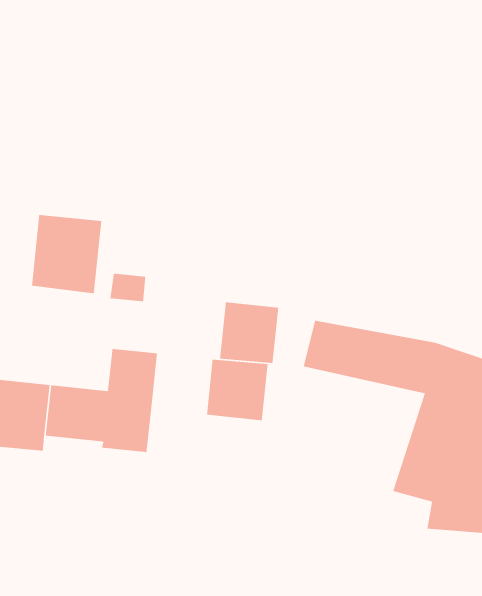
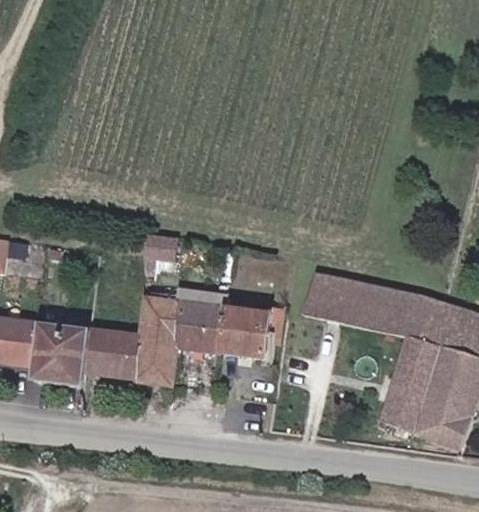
building: [31,214,102,294] -> none
building: [219,301,279,364] -> [178,301,229,354]

